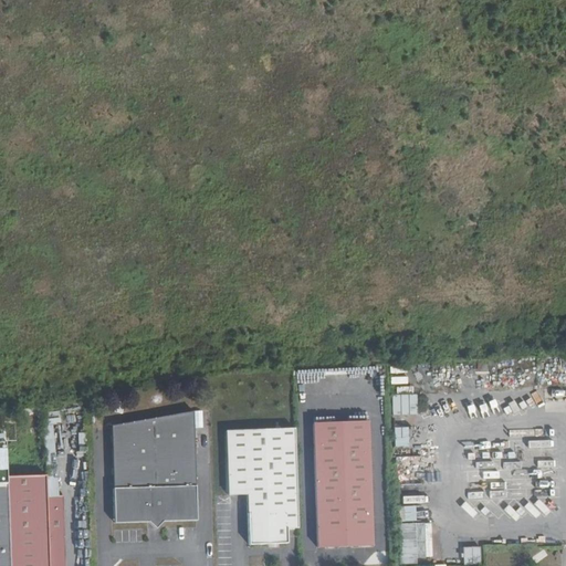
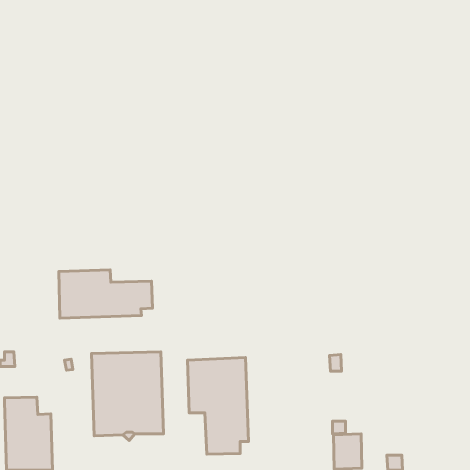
building: none -> [59,270,153,318]
building: [315,420,373,546] -> none

